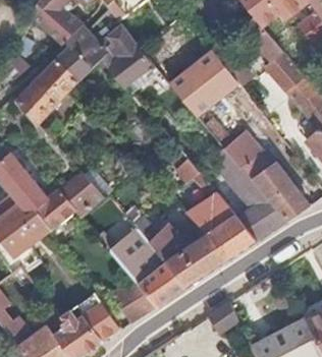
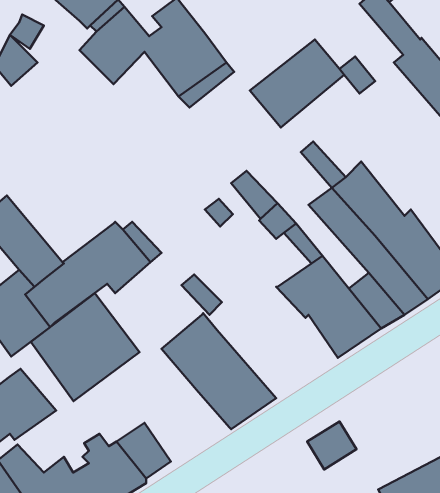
building: [16,58,81,125] -> none
building: none -> [31,293,140,401]
building: [149,223,228,287] -> none
building: [113,283,157,323] -> none

